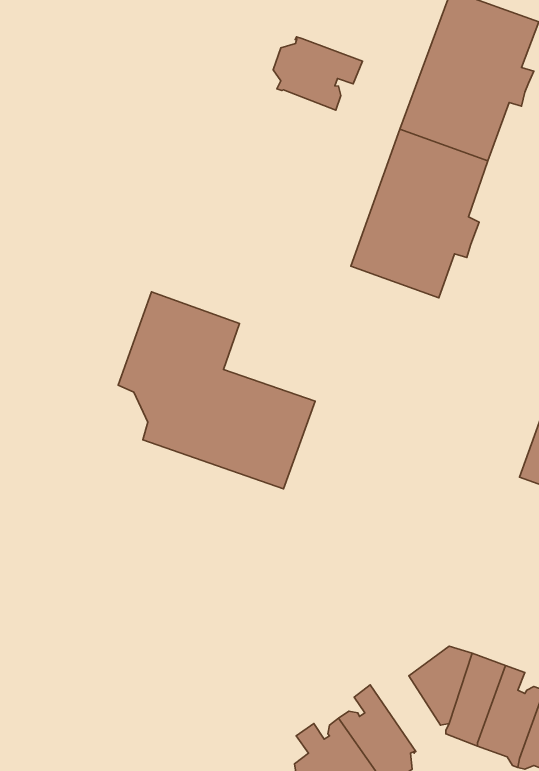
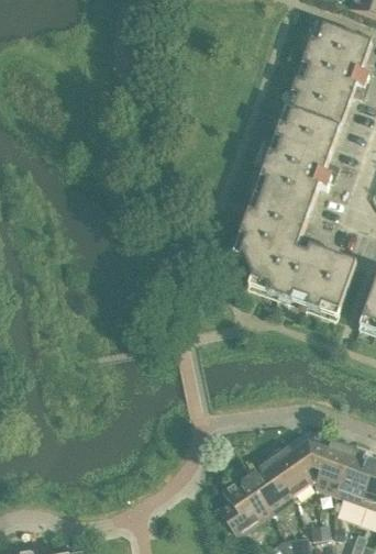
building: [273,37,363,110] -> none
building: [118,292,315,489] -> [232,195,355,318]
building: none -> [265,443,309,495]

